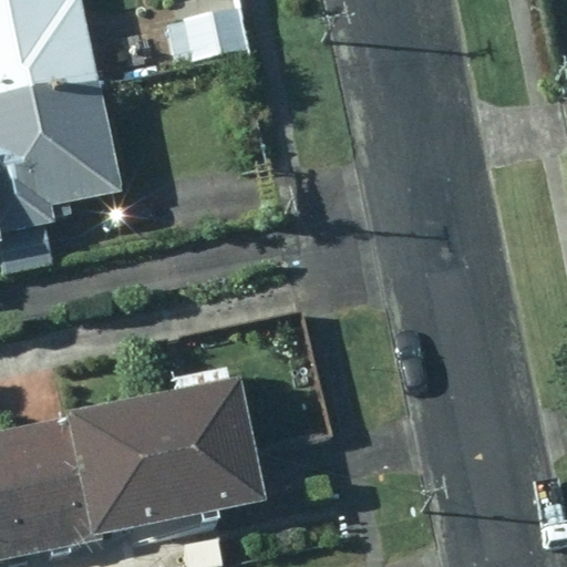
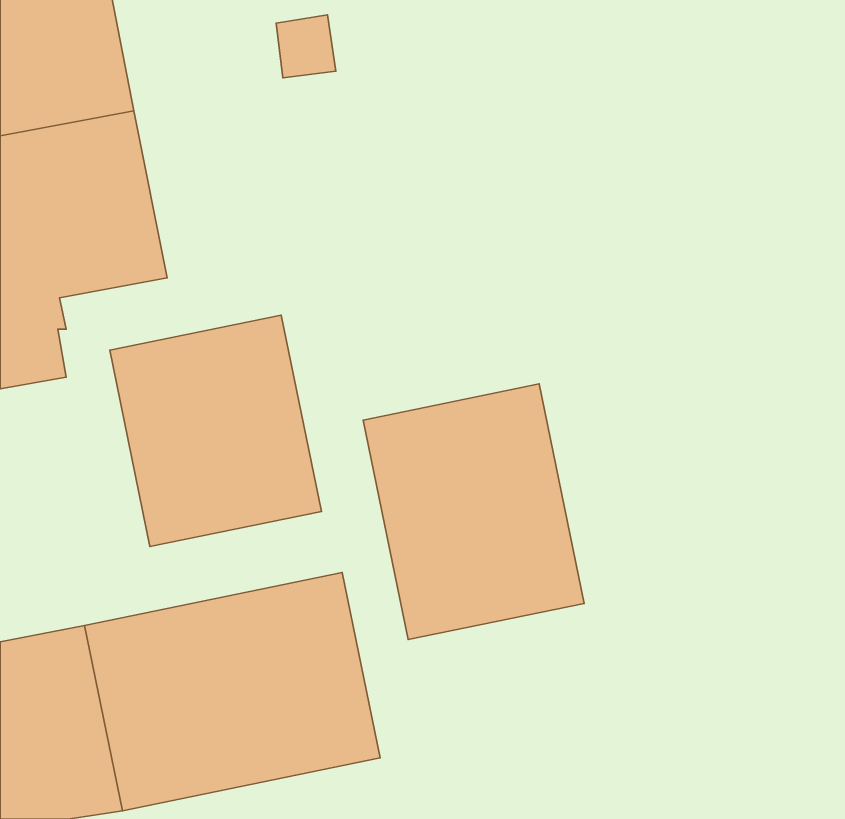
building: none -> [110,315,322,547]
building: none -> [363,384,584,640]

